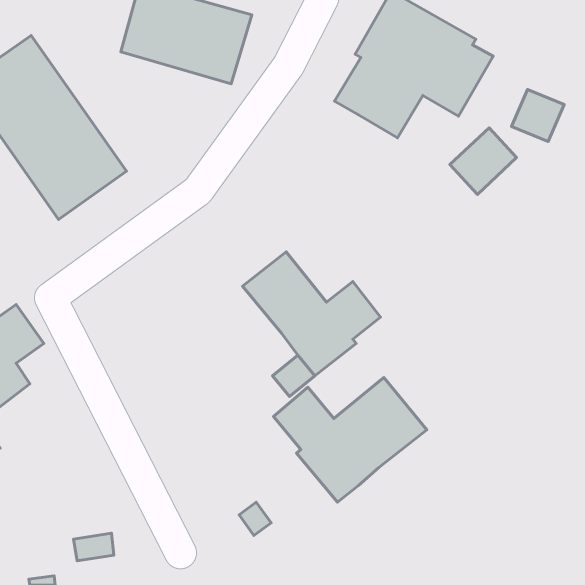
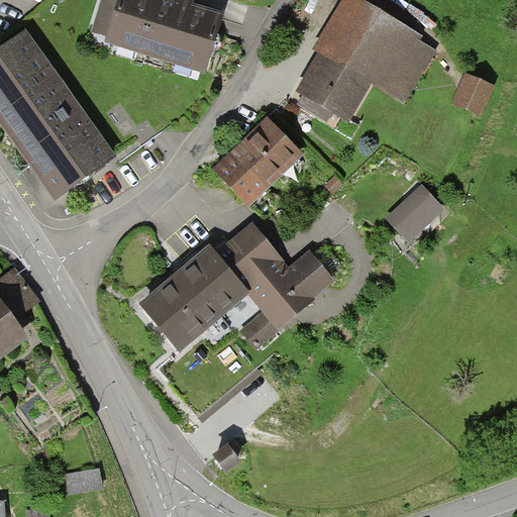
building: [450,128,517,194] -> [388,183,446,241]
building: none -> [212,118,300,205]
building: none -> [139,246,247,351]
building: [274,378,427,502] -> none

